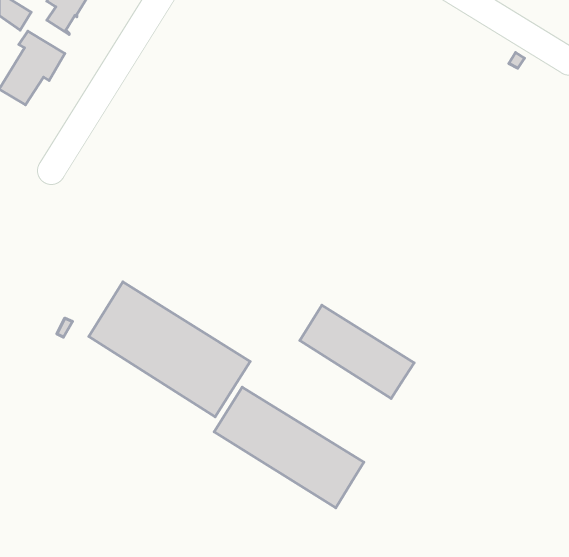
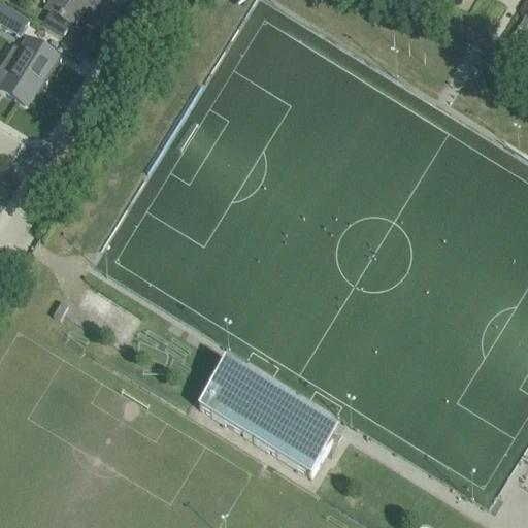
building: [89,282,250,417] -> none
building: [300,305,414,399] -> none

